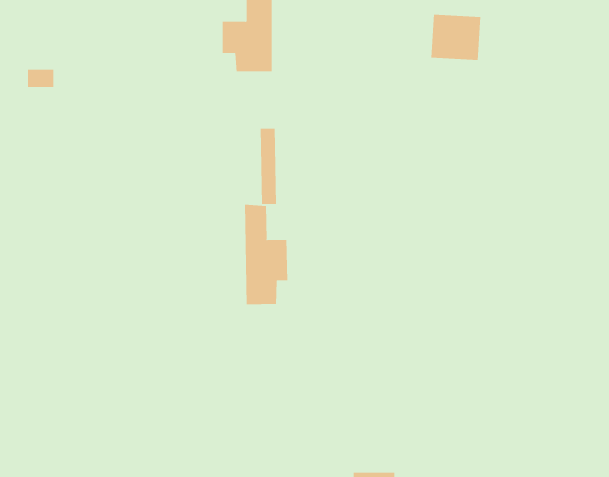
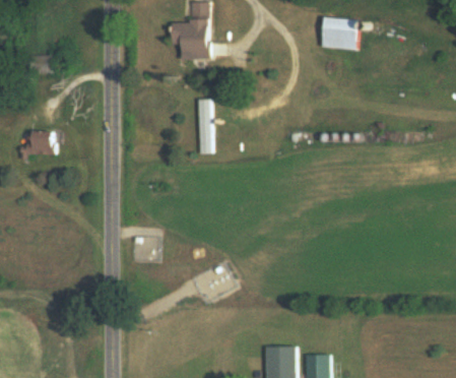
building: none -> [20,130,55,152]
building: [244,204,288,305] -> none

